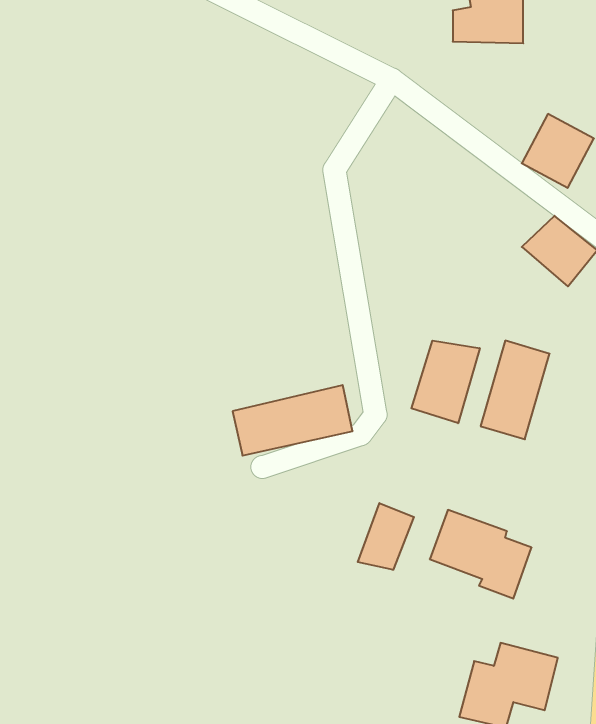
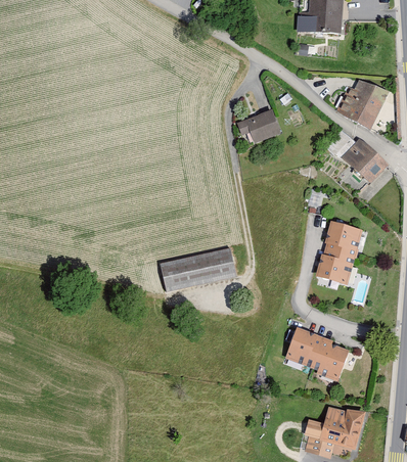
building: none -> [237,113,282,143]
building: [411,341,480,423] -> none
building: [358,503,414,570] -> none

